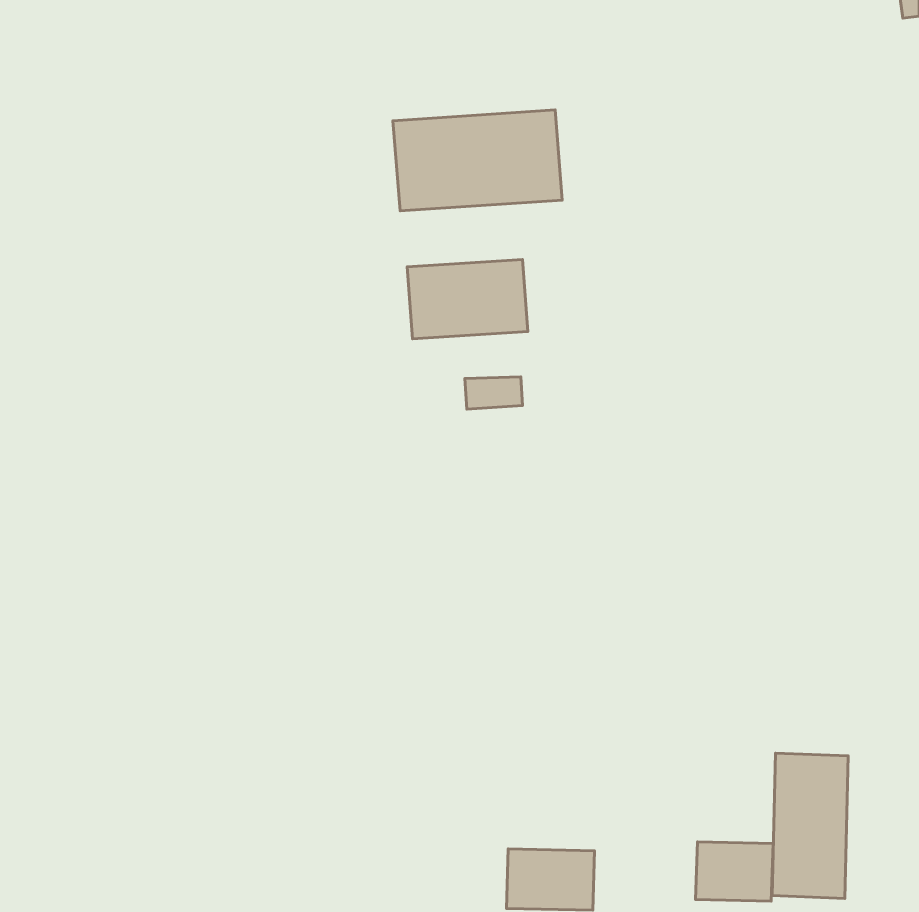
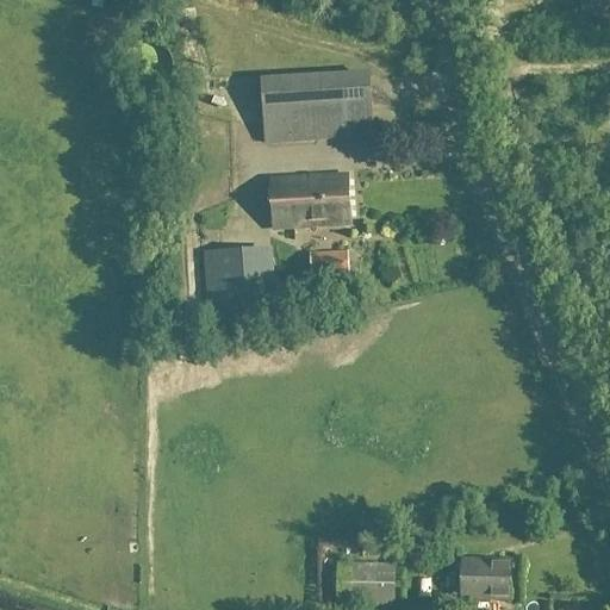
building: none -> [203,245,259,307]
building: [772,753,848,899] -> none

